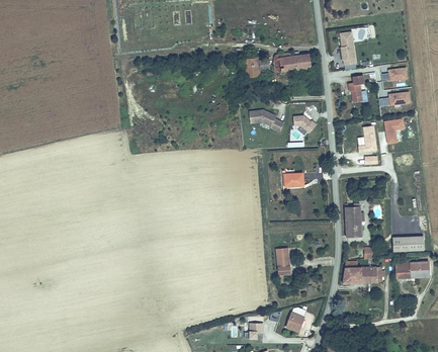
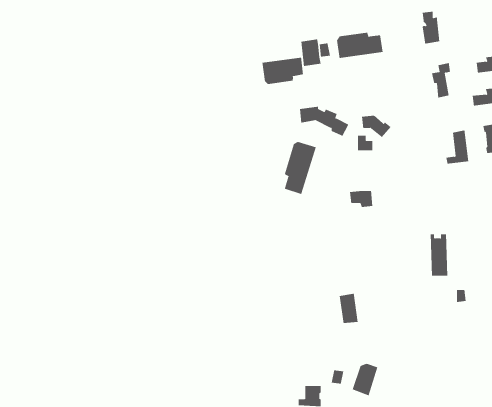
building: none -> [262,57,304,85]
building: none -> [284,141,316,195]
building: [343,260,382,283] -> none

